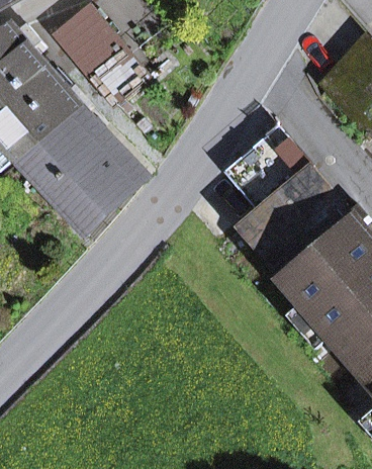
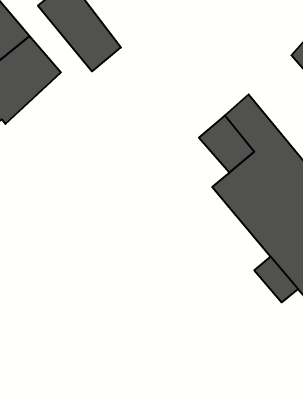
building: [21,100,145,224] -> none

